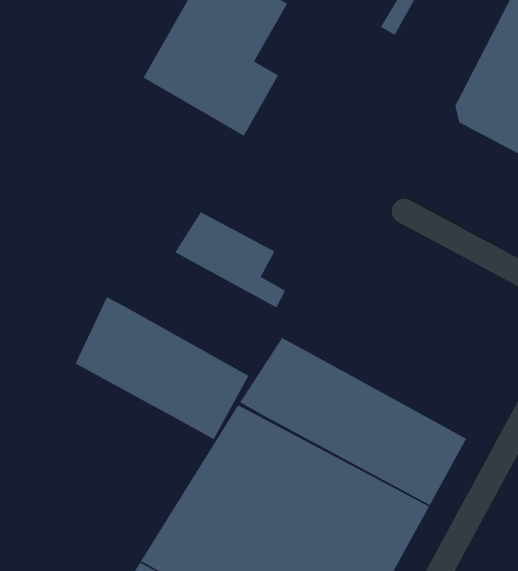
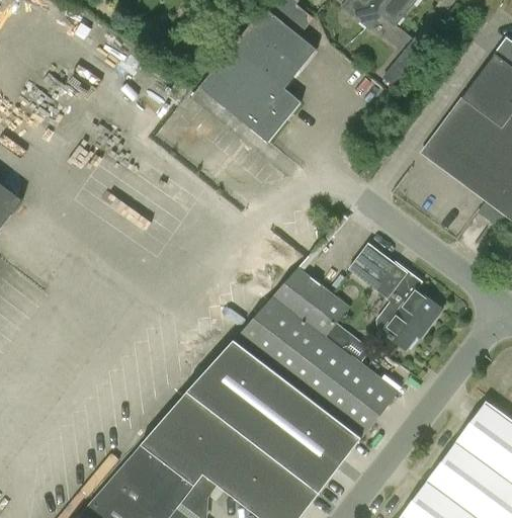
building: [174,211,286,309] -> [273,267,351,348]
building: none -> [349,244,443,350]
building: [75,296,249,440] -> none

